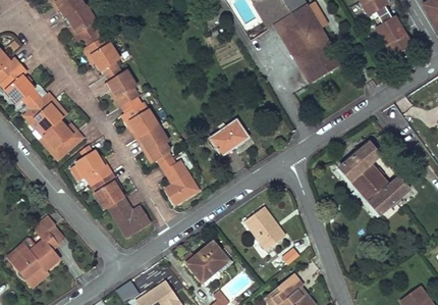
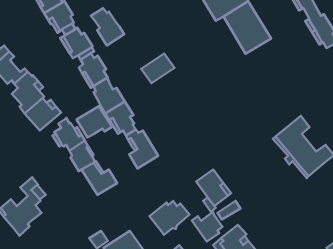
building: none -> [91,8,124,45]
building: [304,49,342,81] -> none
building: [209,119,249,155] -> [141,53,174,83]
building: none -> [76,106,112,137]
building: none -> [192,212,223,242]

